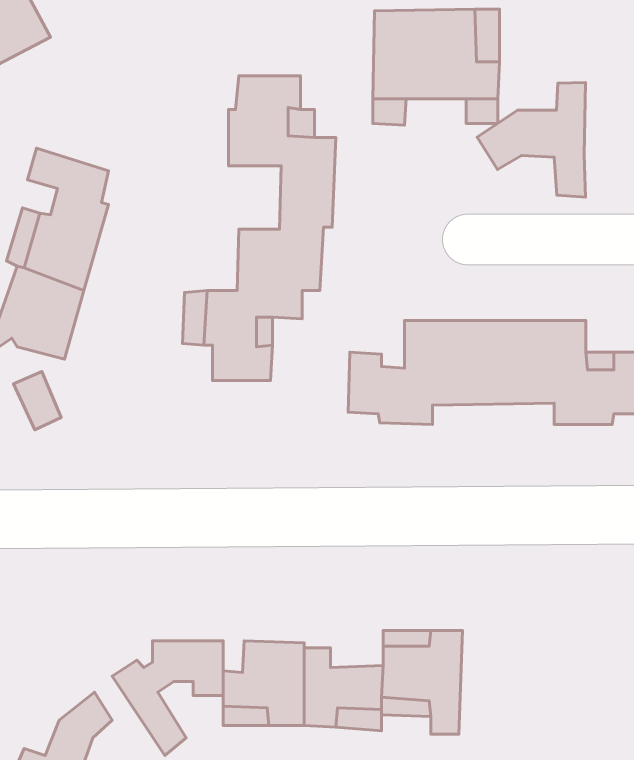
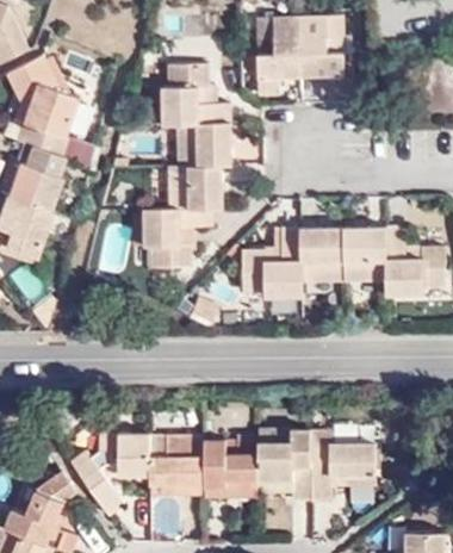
building: none -> [14,46,87,125]
building: [477,83,586,197] -> none
building: none -> [314,436,374,507]

